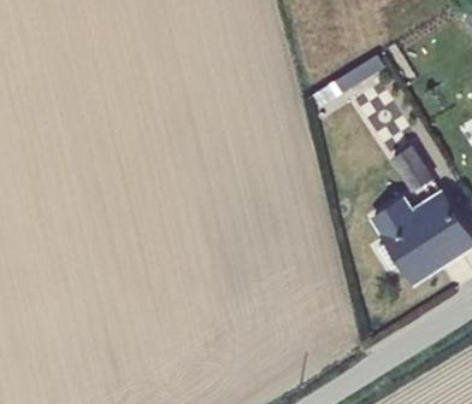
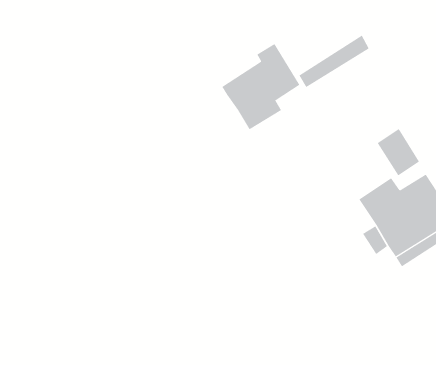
building: none -> [222,43,300,130]

